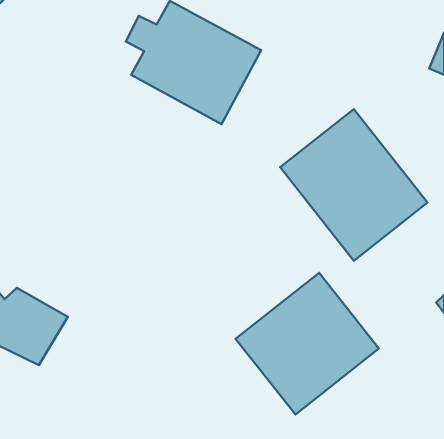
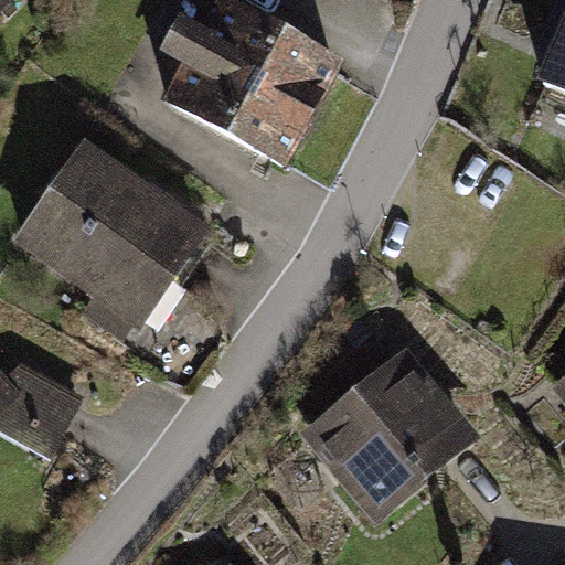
building: [280,109,427,261] -> none
building: none -> [19,141,212,344]

